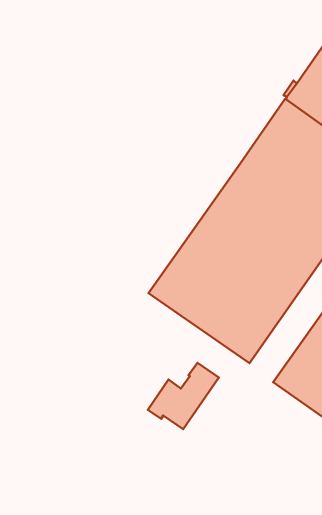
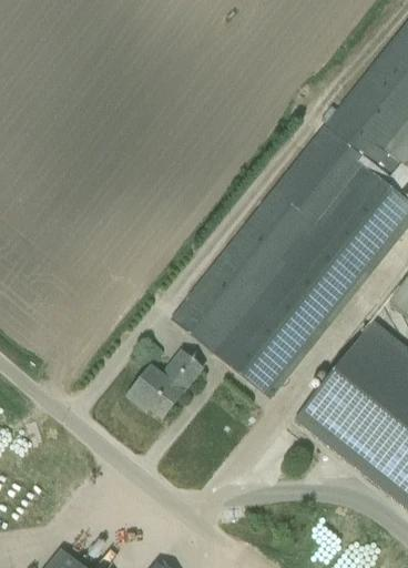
building: [148,363,219,429] -> [129,347,204,415]

